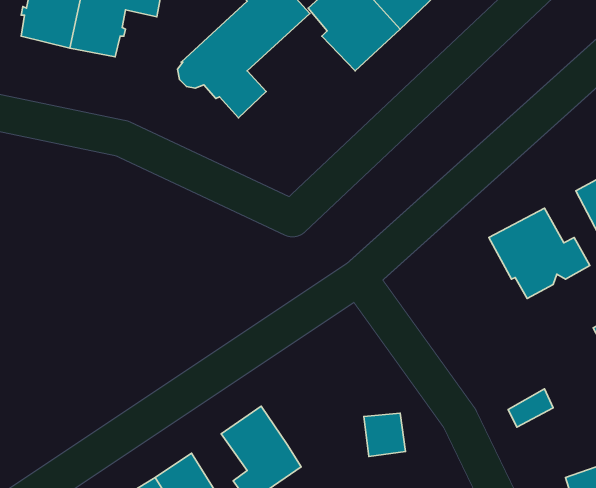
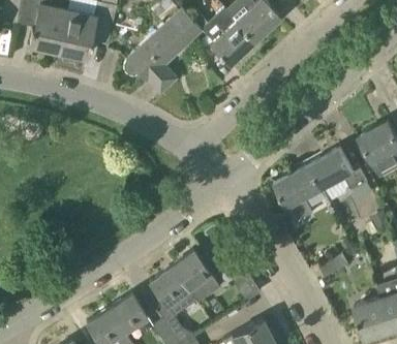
building: none -> [274,165,322,223]
building: none -> [173,250,219,303]

